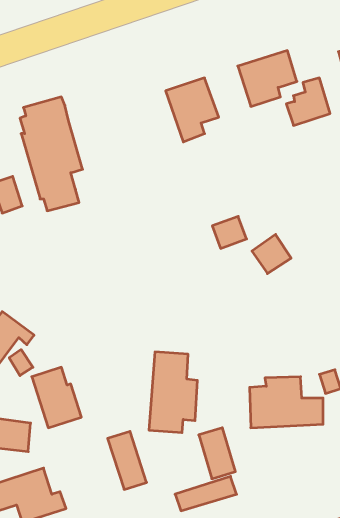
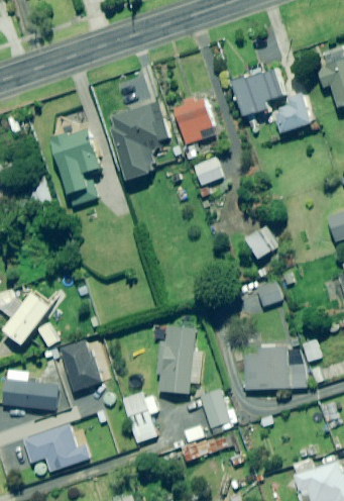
building: none -> [111,101,168,181]
building: [212,216,247,248] -> [194,158,223,185]
building: none -> [253,274,280,306]

